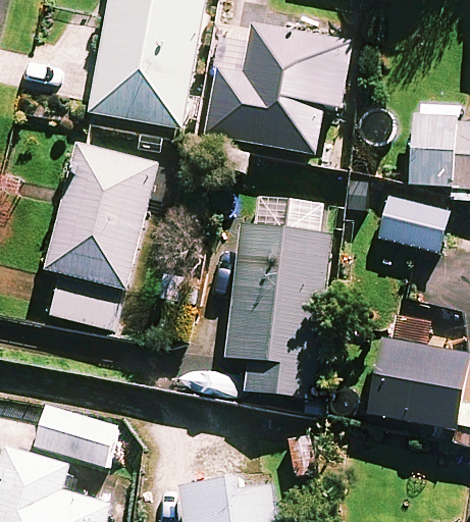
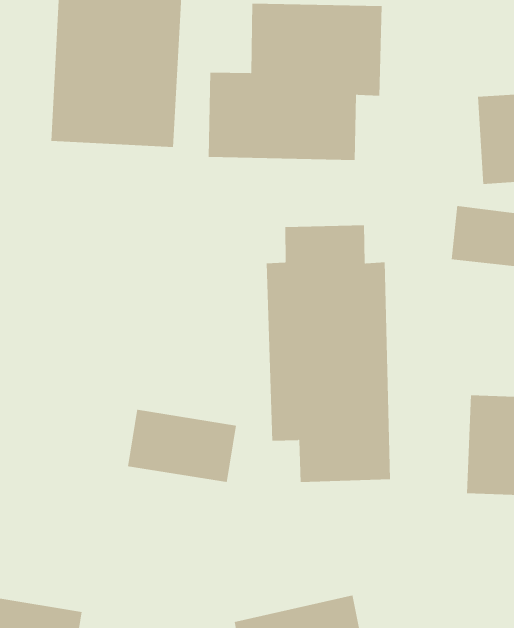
building: [49,146,158,330] -> none
building: [32,402,117,465] -> [127,409,237,483]

